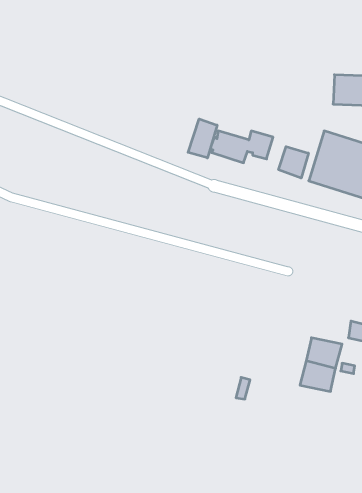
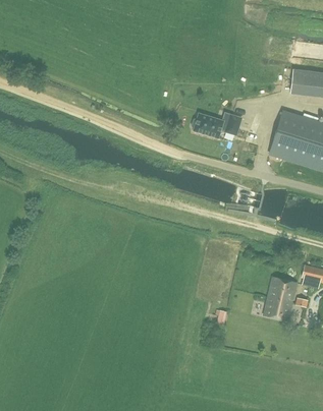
building: [188,119,217,158] -> none
building: [279,147,308,178] -> none

